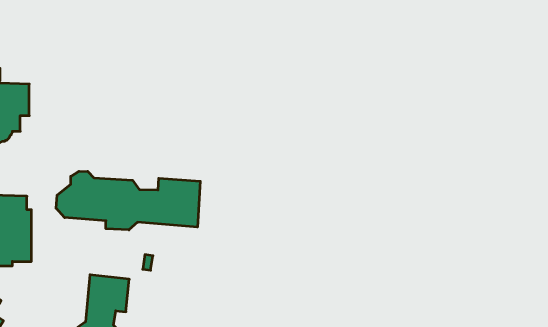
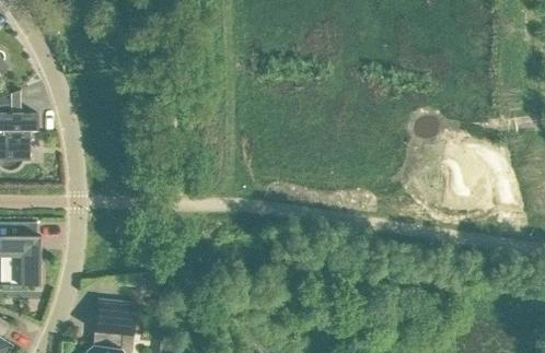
building: [56,171,200,230] -> none

